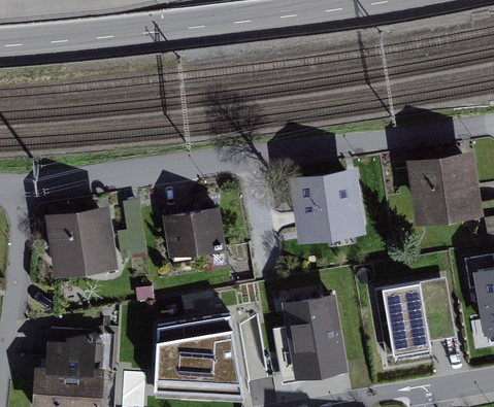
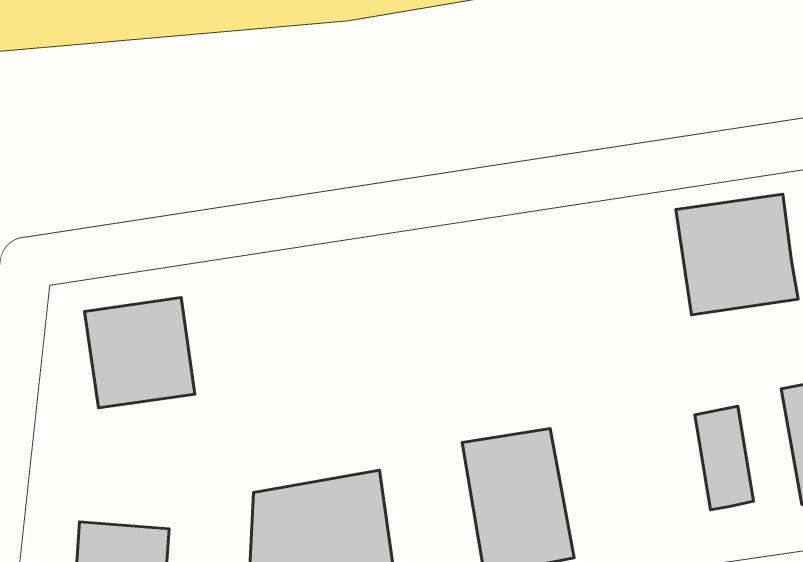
building: [294,175,365,244] -> none
building: [170,215,227,258] -> none
building: [378,282,428,355] -> none

